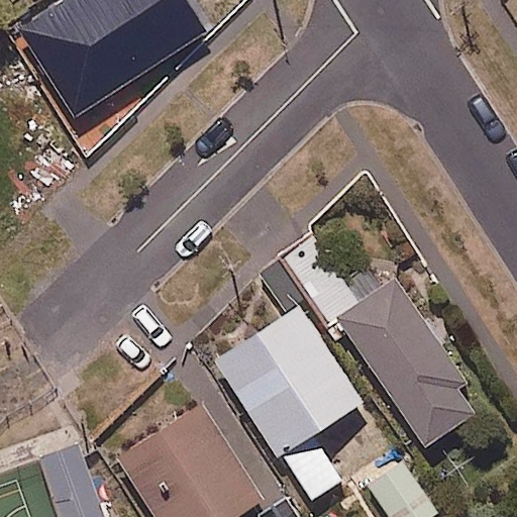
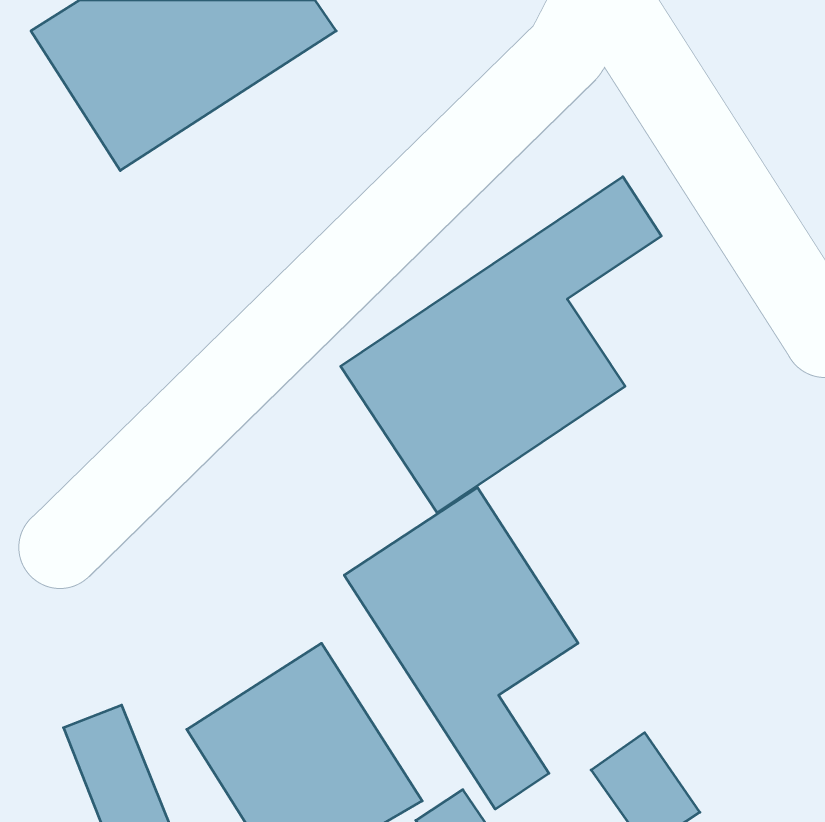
building: none -> [341,177,661,513]
building: [336,271,486,443] -> none

